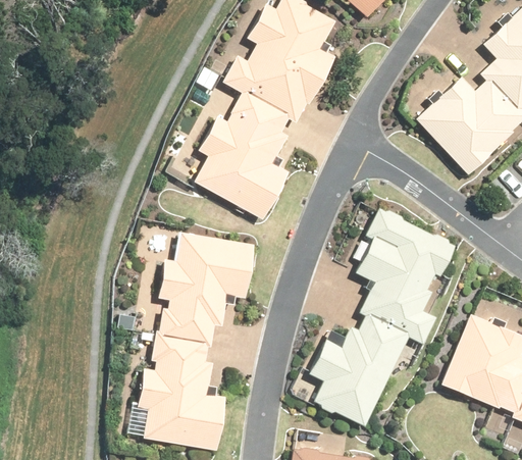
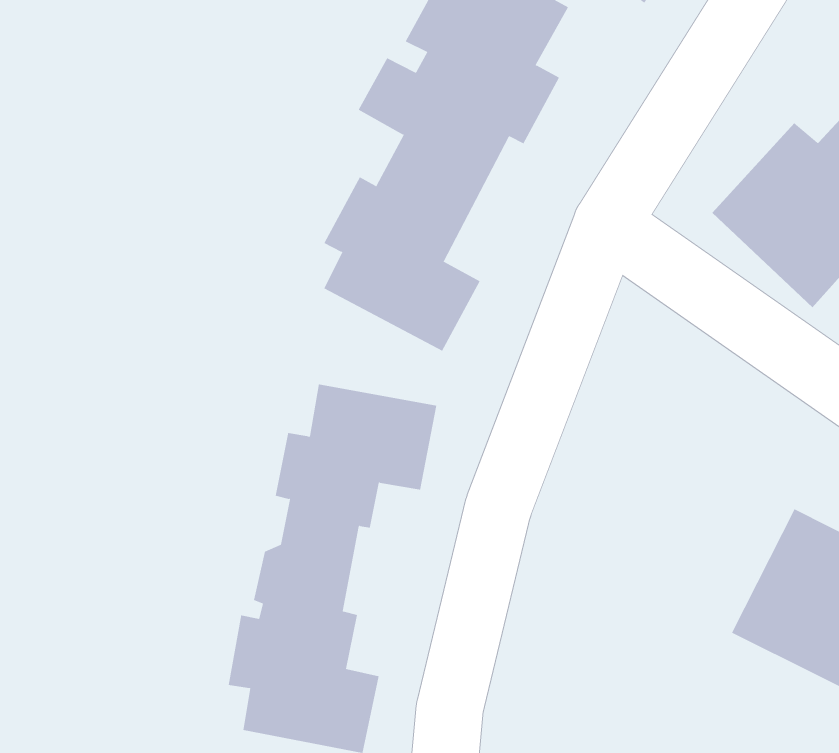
building: [313,203,459,423] -> none

